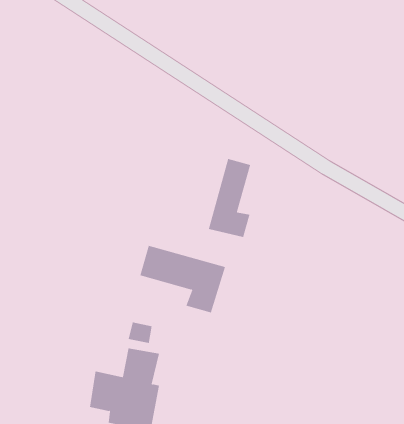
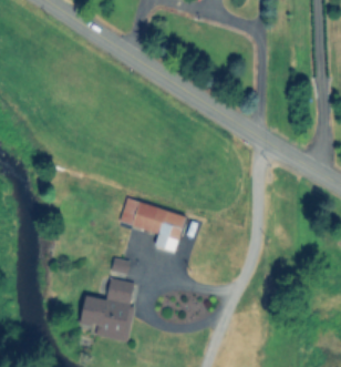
building: [208,158,251,238] -> none

